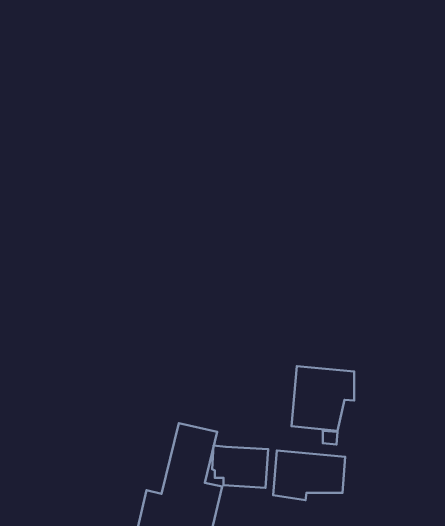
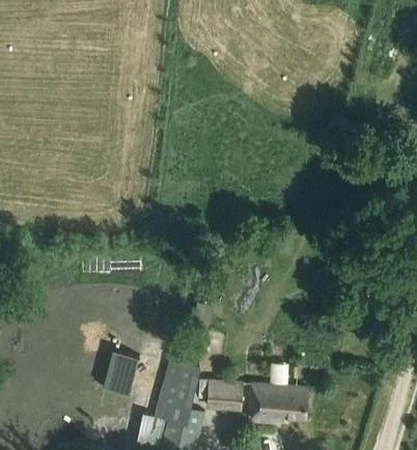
building: [292,366,354,431] -> none
building: none -> [104,348,142,394]

